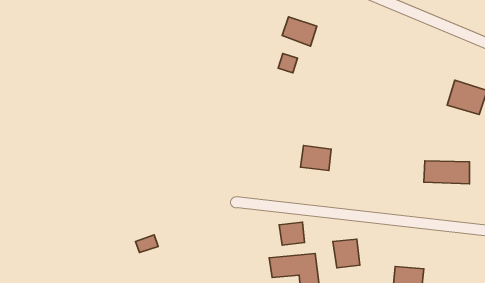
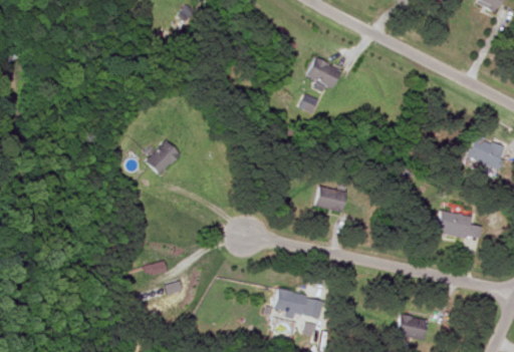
building: none -> [146,141,180,175]
building: [279,222,304,245] -> none
building: [333,239,360,268] -> none

